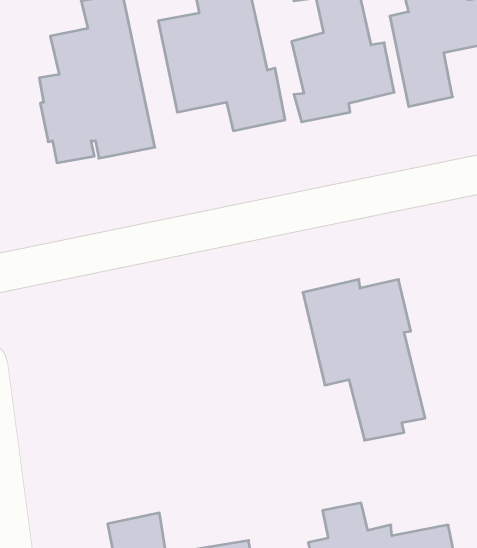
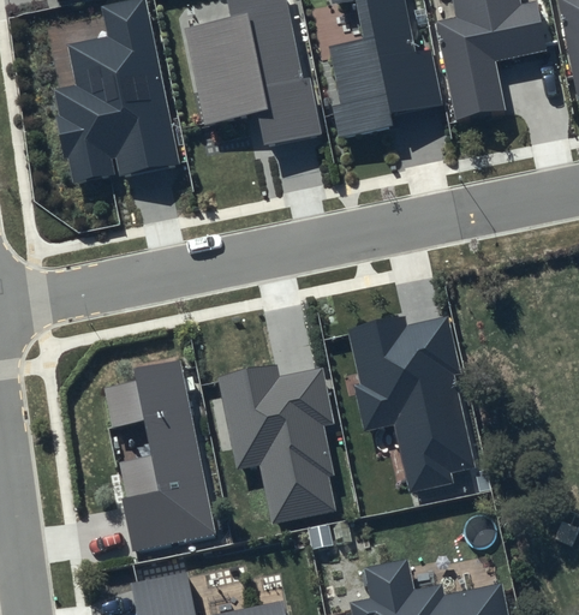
building: none -> [102,354,215,549]
building: none -> [219,368,336,526]

